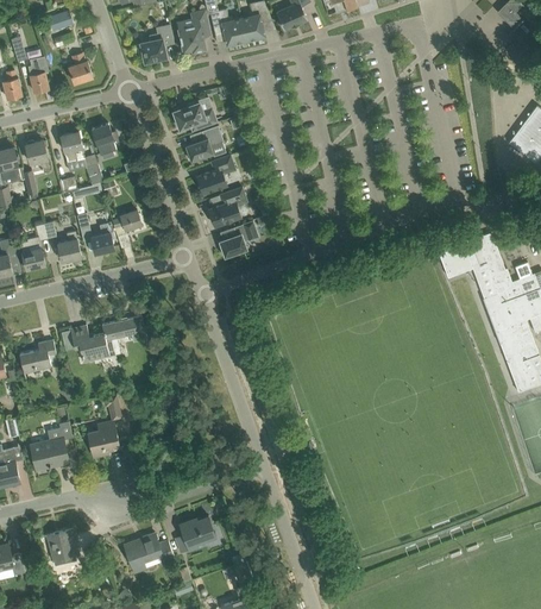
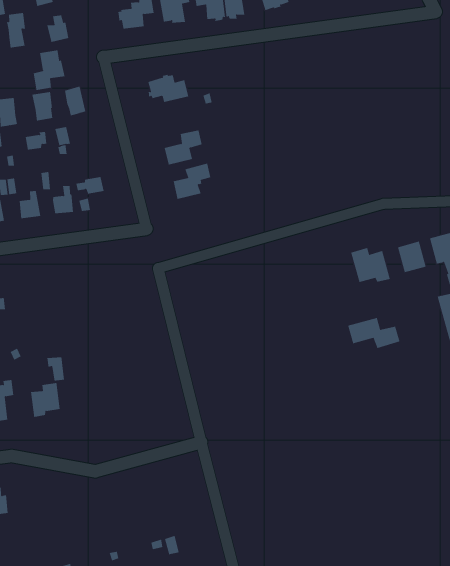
building: none -> [33,50,65,91]
building: [185,125,222,162] -> none
building: [219,220,258,257] -> none
building: none -> [350,247,391,283]
building: [69,315,146,362] -> none
building: none -> [348,317,400,349]
building: [177,515,215,552] -> none
building: [124,533,174,573] -> none

